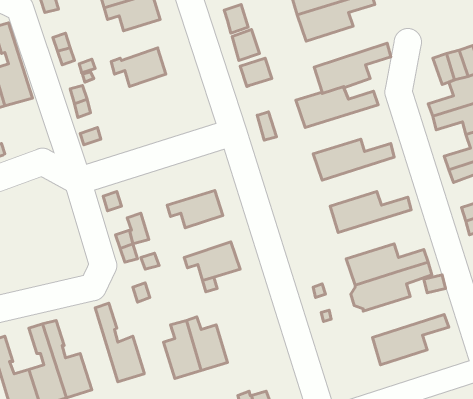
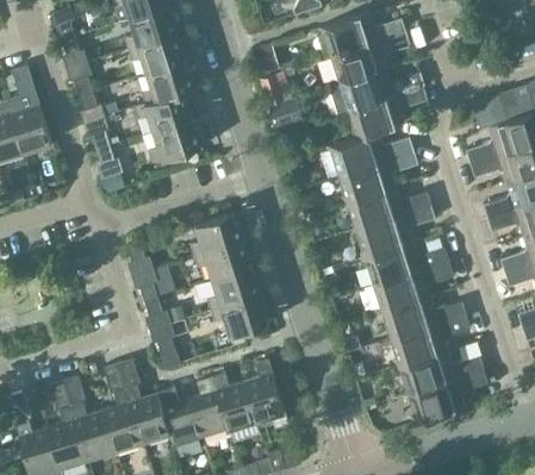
building: none -> [142,62,194,105]
building: none -> [338,69,423,112]
building: none -> [148,119,201,163]
building: none -> [337,151,418,202]
building: none -> [355,206,435,257]
building: none -> [189,212,243,256]
building: none -> [372,261,453,312]
building: none -> [207,267,260,311]
building: none -> [398,351,483,394]
building: none -> [244,358,285,420]
building: none -> [102,363,142,449]
building: none -> [157,388,201,445]

